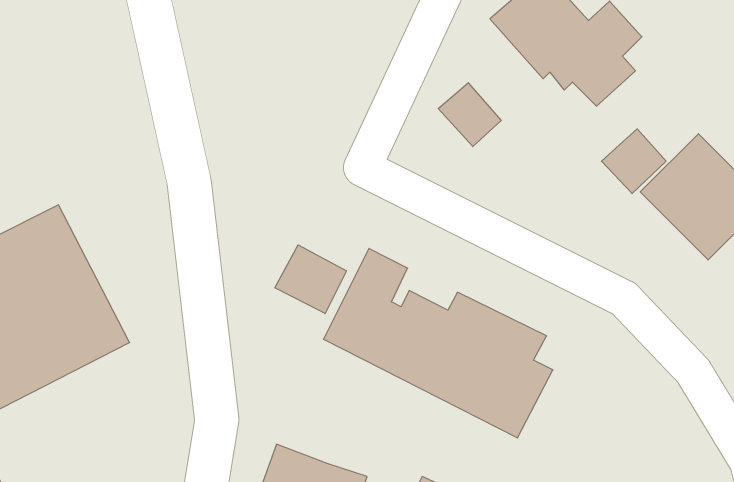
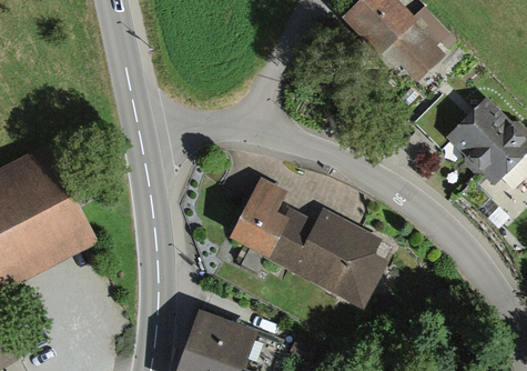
building: [438,83,501,147] -> none
building: [275,245,346,314] -> none

